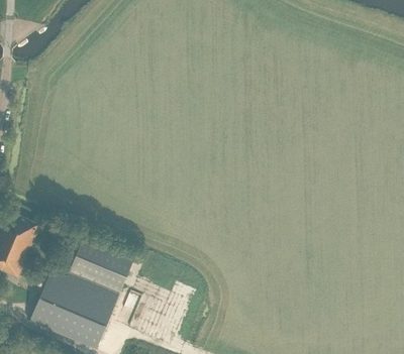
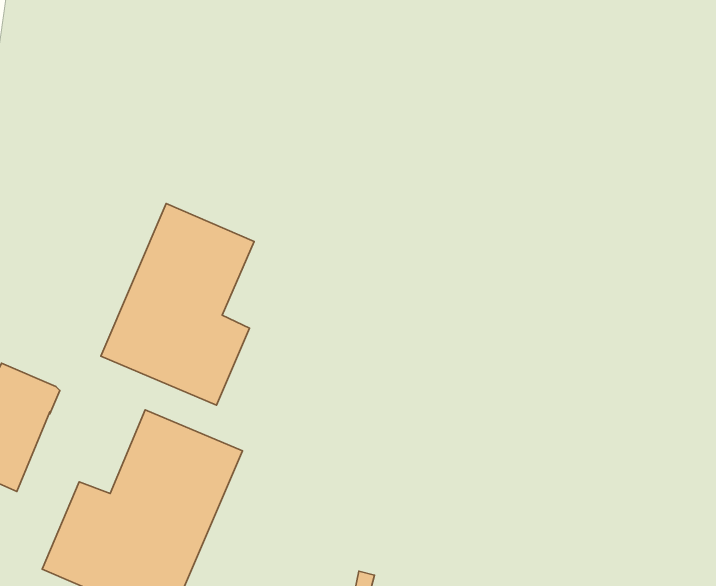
building: none -> [101,203,254,405]

